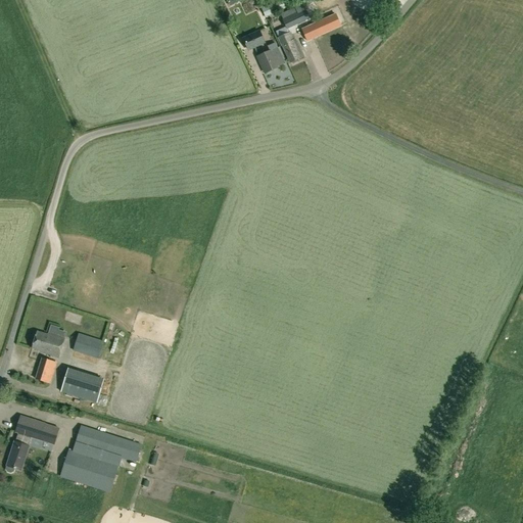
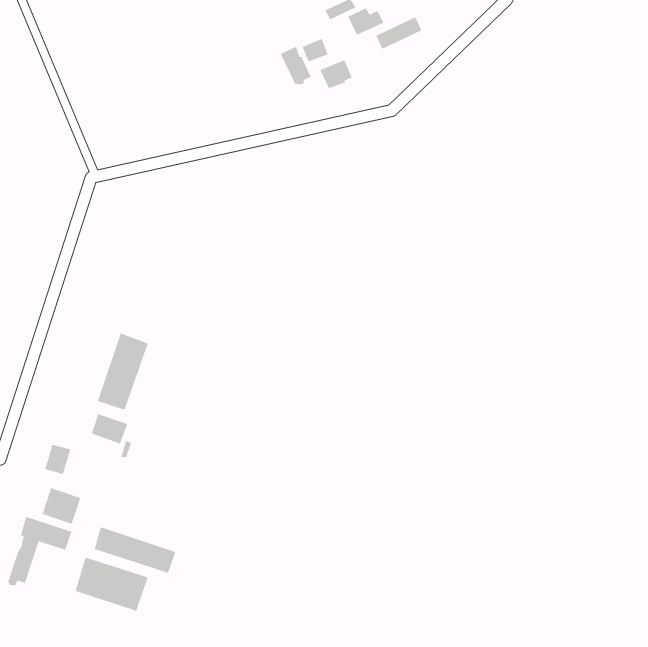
building: [278,31,303,62] -> [280,46,312,86]
building: none -> [97,332,149,410]
building: [33,331,64,356] -> none
building: [60,370,92,399] -> [42,488,81,524]

